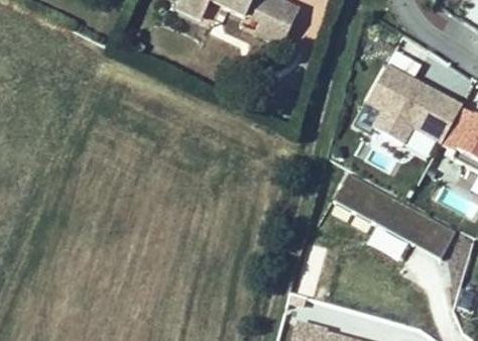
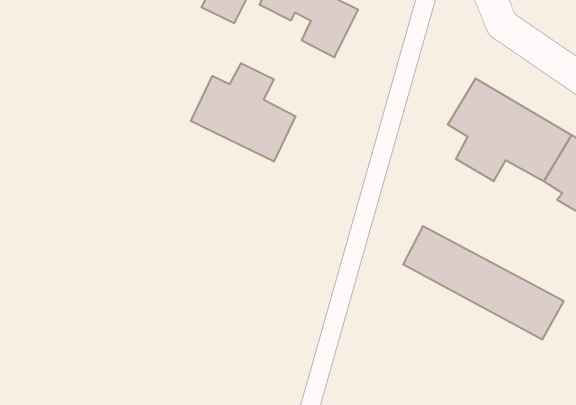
building: none -> [191,63,295,162]

